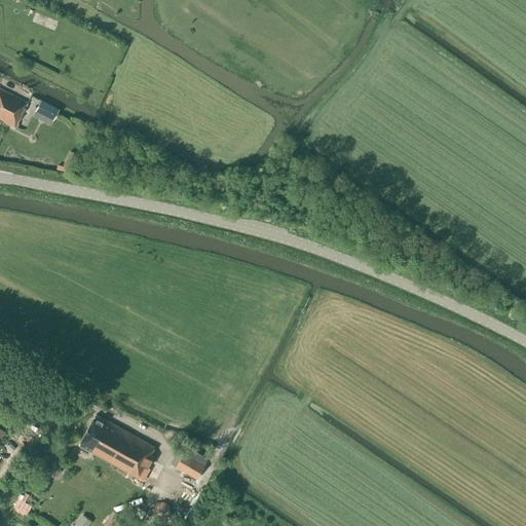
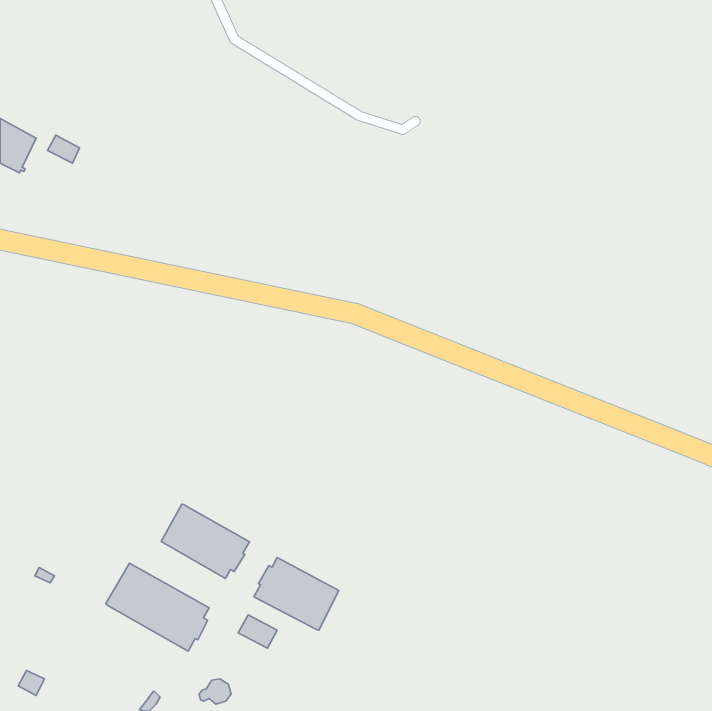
building: none -> [161,504,249,579]
building: none -> [254,558,339,630]

